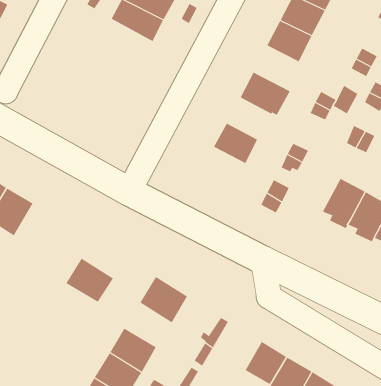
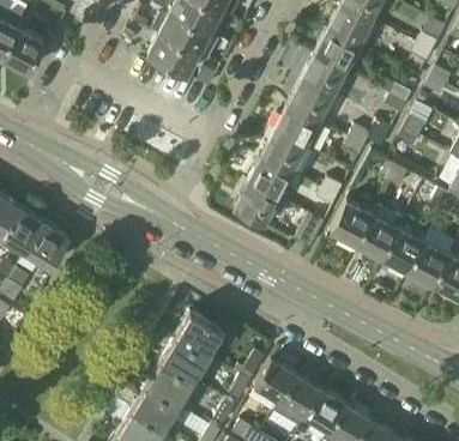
building: none -> [289,80,334,126]
building: none -> [262,132,307,174]
building: none -> [235,181,282,225]
building: none -> [331,199,375,249]
building: [65,258,114,303] -> [161,336,209,380]
building: none -> [254,358,297,403]

